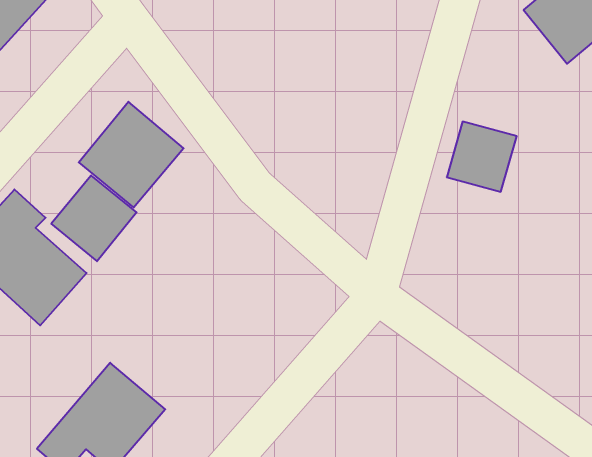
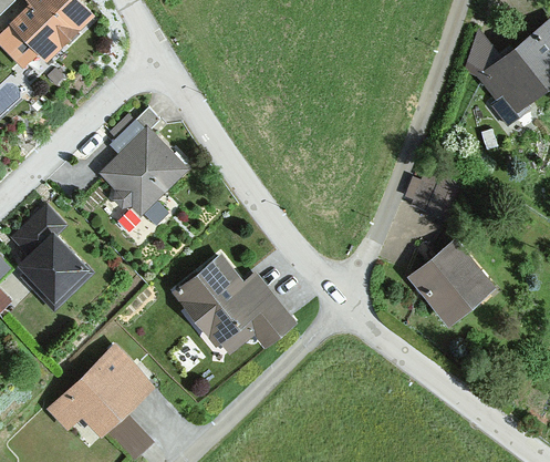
building: [51,176,137,261] -> none
building: none -> [411,237,500,327]
building: none -> [172,255,297,355]

